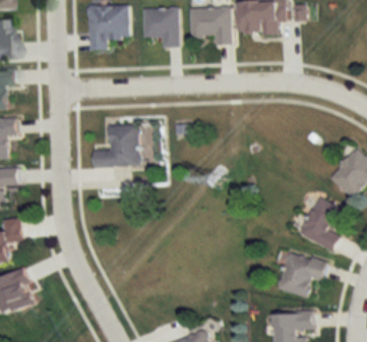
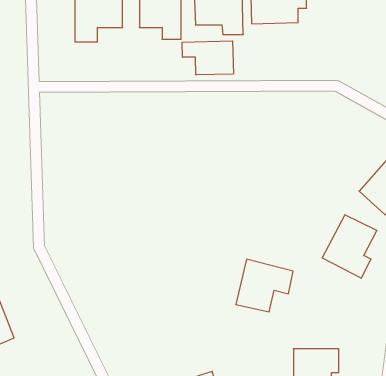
building: none -> [182,41,233,75]
building: [94,125,140,167] -> none
building: [279,251,327,296] -> [236,259,293,312]

